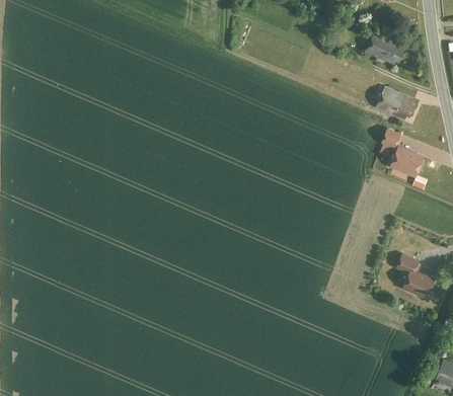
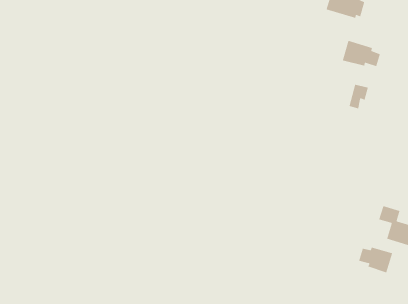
building: [389,145,426,177] -> none
building: none -> [358,246,393,274]

